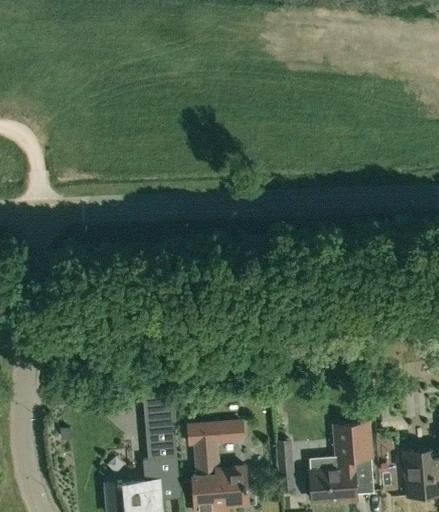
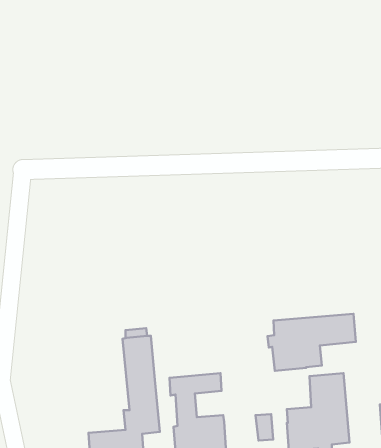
building: none -> [268,314,356,371]

